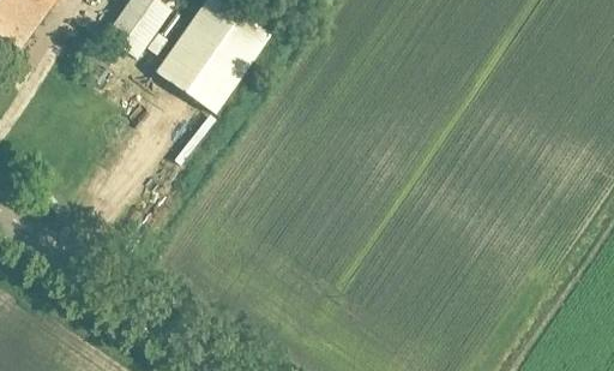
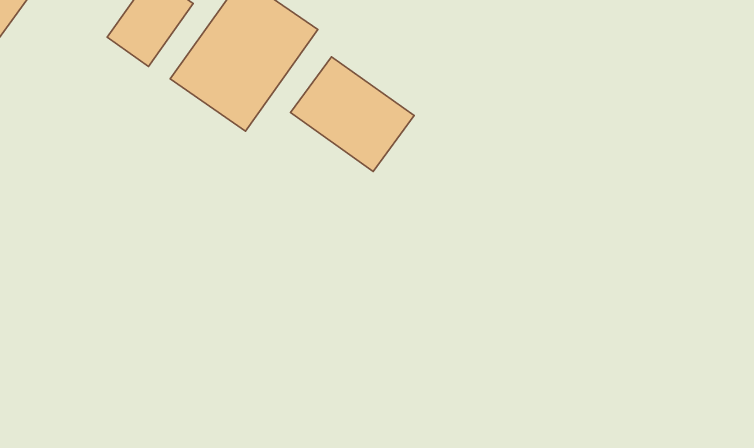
building: none -> [291,57,414,171]

